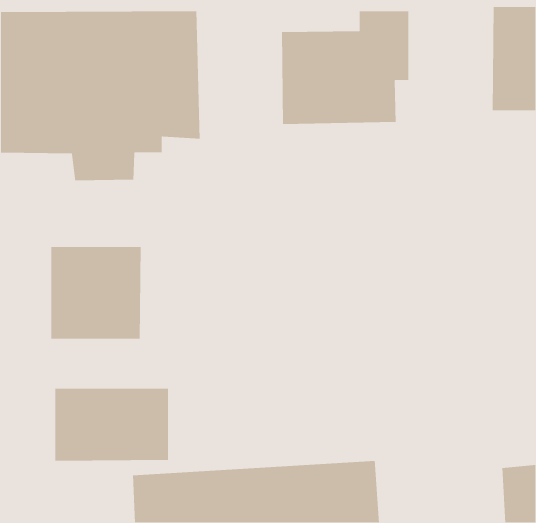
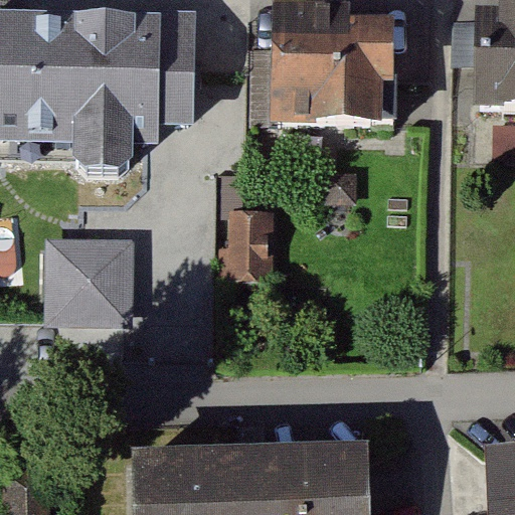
building: none -> [219,207,277,279]
building: [55,388,169,461] -> none

